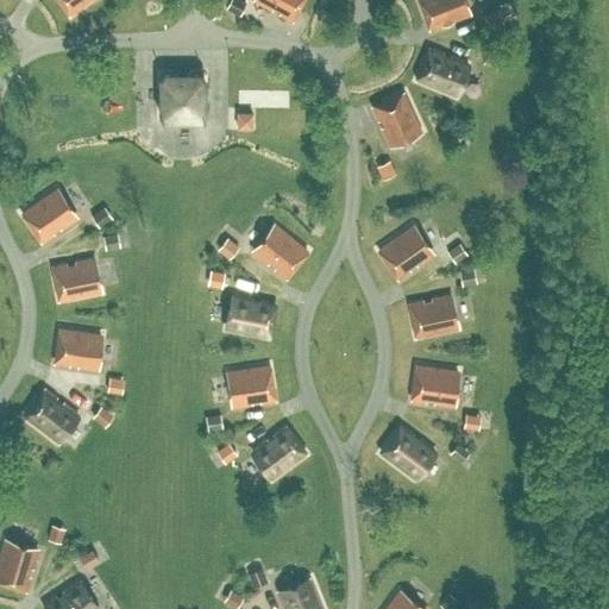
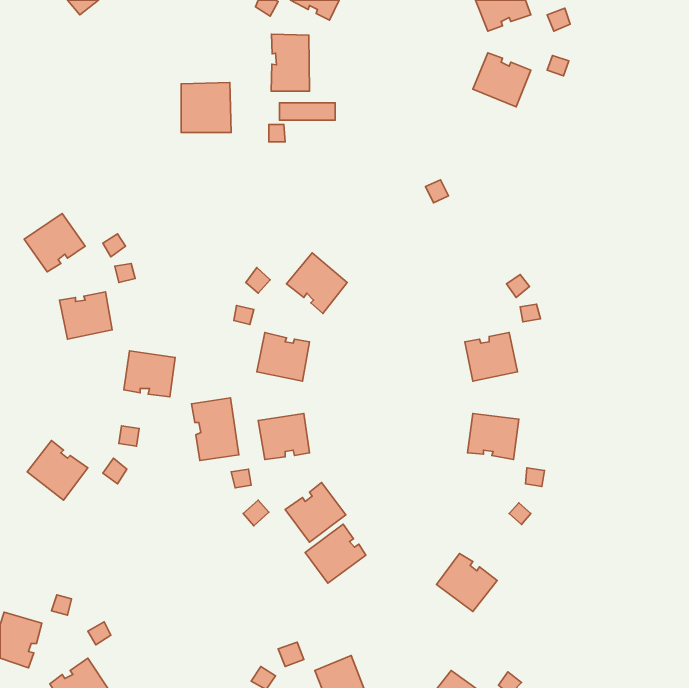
building: none -> [271,34,309,91]
building: [372,94,421,145] -> none
building: [379,227,433,278] -> none
building: [56,329,101,370] -> [124,351,175,397]
building: none -> [192,398,239,460]
building: [382,427,435,478] -> [436,553,497,611]
building: none -> [305,524,366,583]

